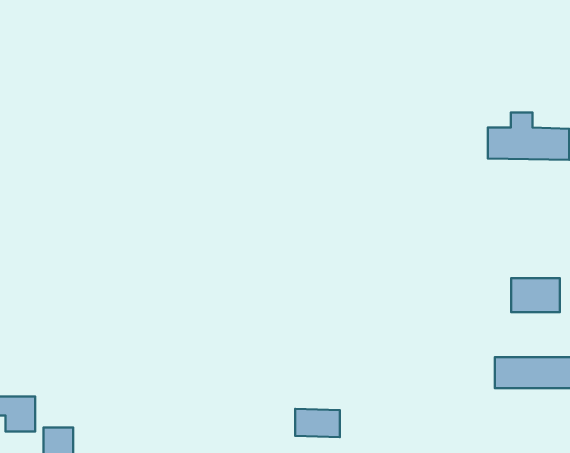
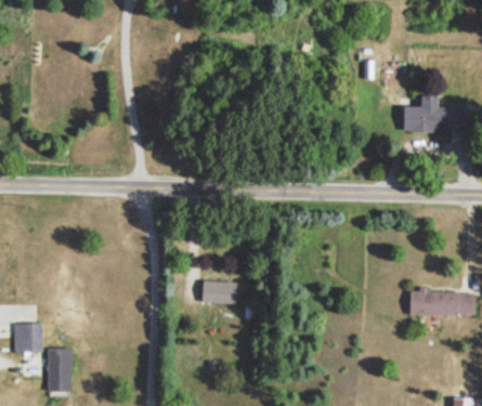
building: [511,278,560,312] -> none
building: [295,409,340,437] -> [203,281,238,304]

